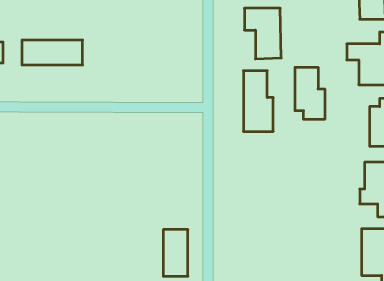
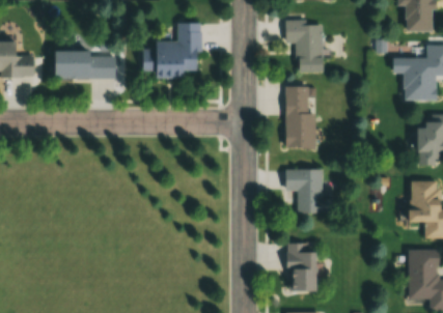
building: none -> [142,22,201,78]
building: [295,67,325,119] -> none
building: none -> [285,169,332,214]
building: [163,230,188,276] -> [287,243,313,291]

